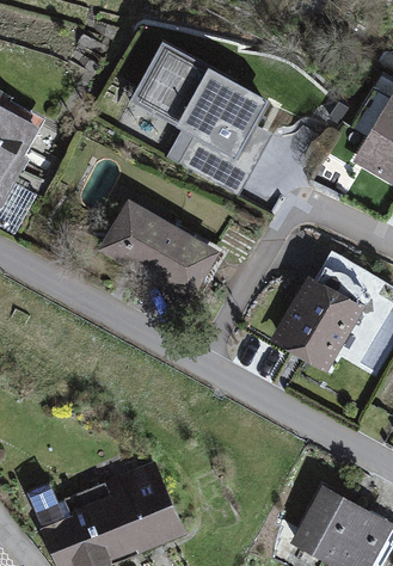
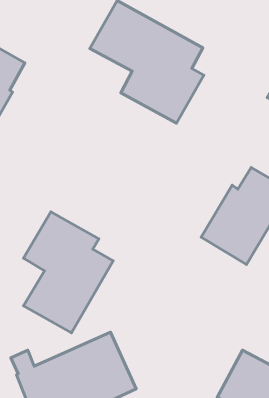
building: [96,198,220,304] -> none
building: none -> [23,212,113,333]

